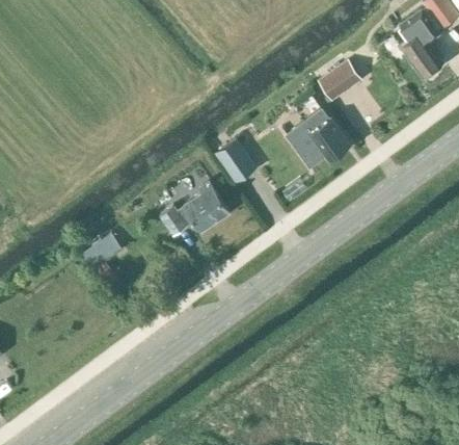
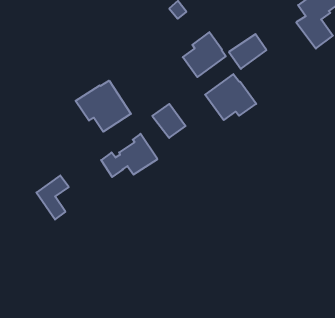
building: none -> [183,32,226,77]
building: none -> [76,81,131,132]

